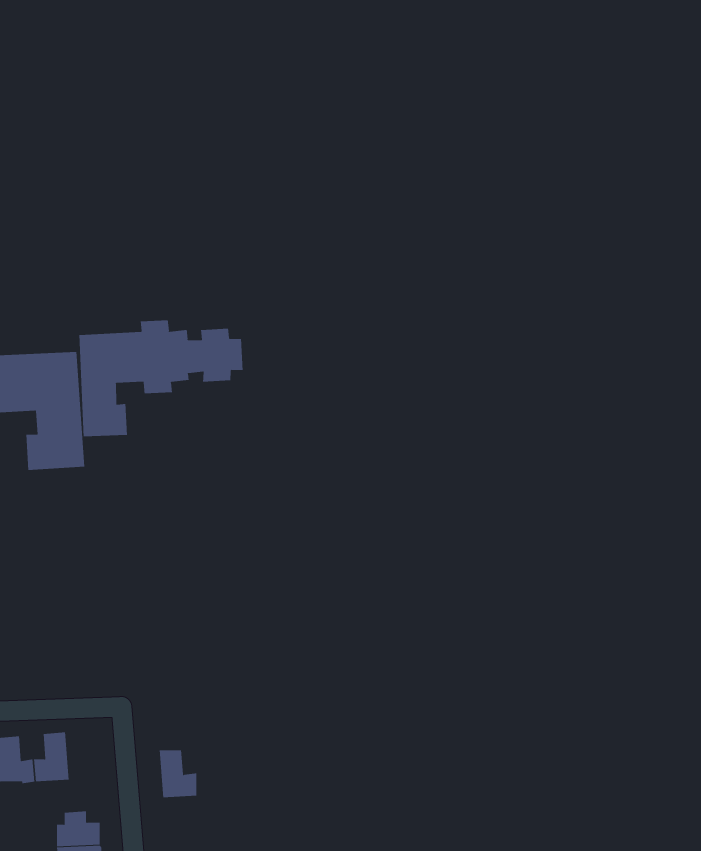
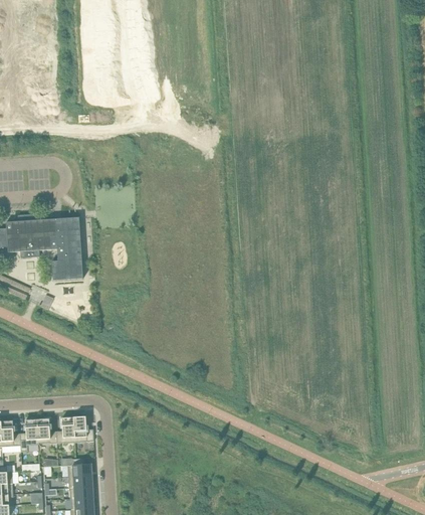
building: [79,319,243,437] -> none
building: [159,750,197,798] -> [73,416,93,442]

